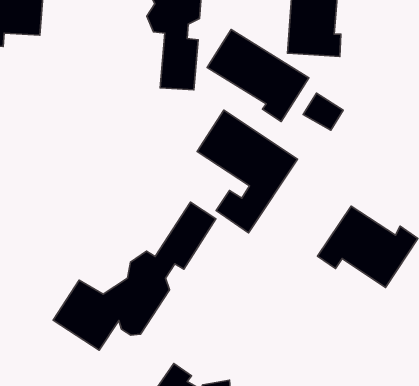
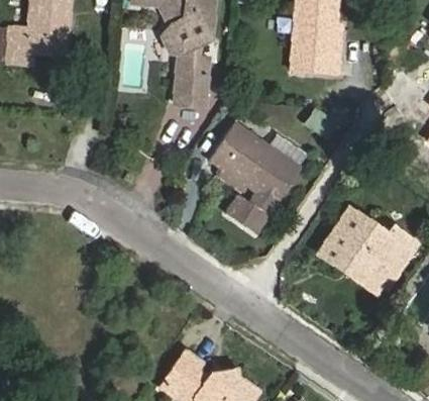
building: [207,29,309,121] -> none
building: [53,202,216,350] -> none

